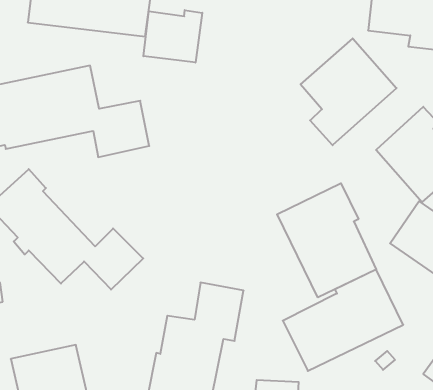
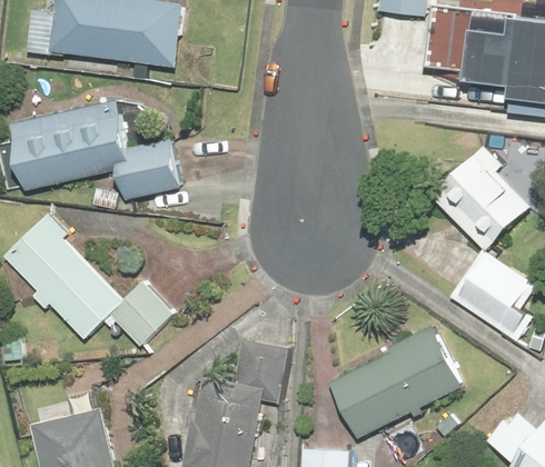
building: [143,10,202,63] -> none
building: [301,38,397,145] -> none
building: [277,183,376,297] -> none

